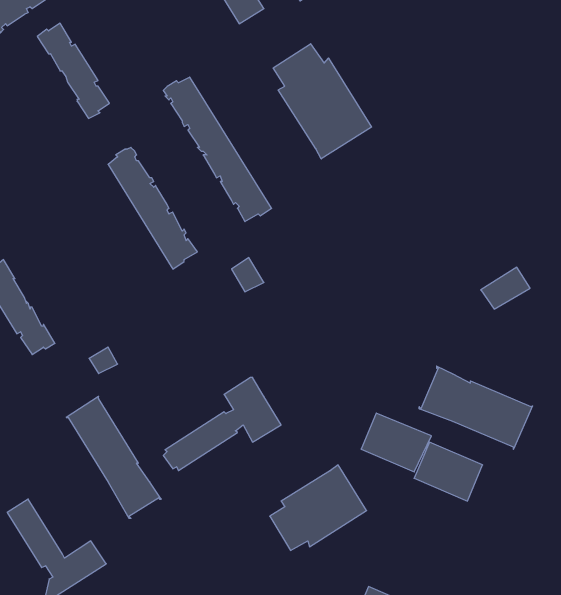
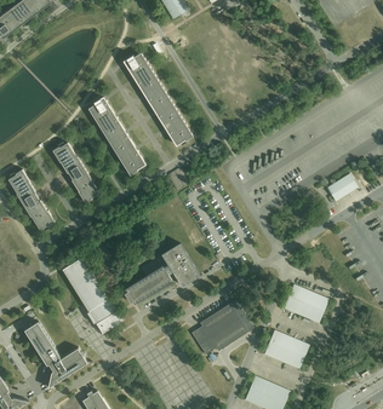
building: [37,23,109,118] -> [52,142,98,202]
building: [273,44,372,159] -> none
building: [419,366,533,449] -> none
building: [361,413,431,472] -> [264,330,309,368]

